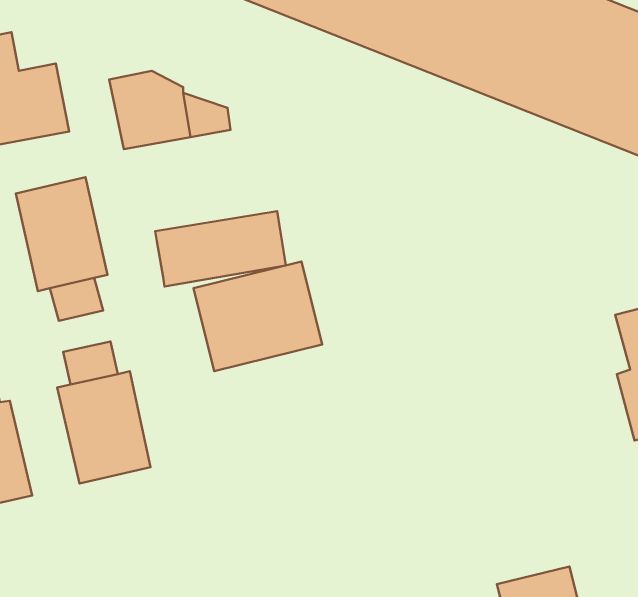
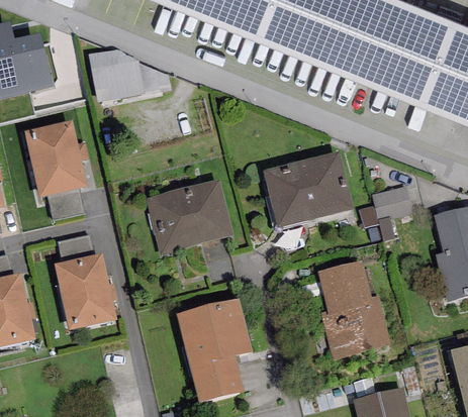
building: [155,211,286,286] -> none
building: none -> [262,152,352,228]
building: none -> [361,187,417,230]
building: none -> [316,260,389,358]
building: none -> [176,299,252,403]

